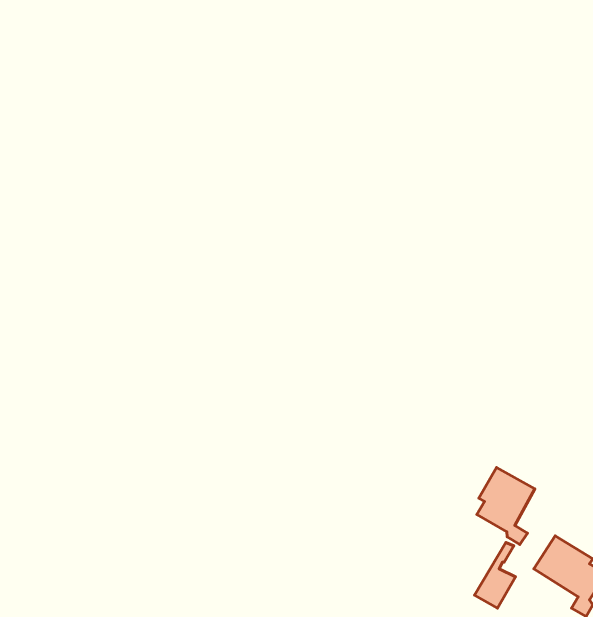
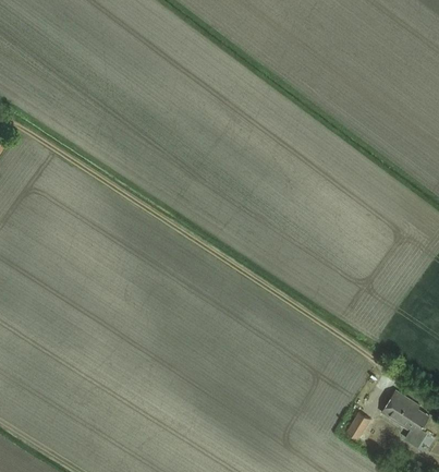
building: [477,468,535,545] -> none

